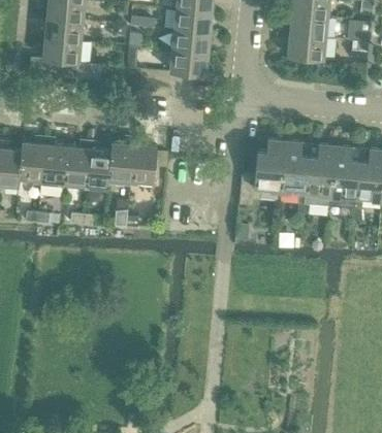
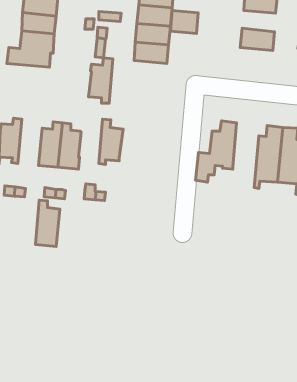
building: [289,15,326,39] -> none
building: none -> [171,11,198,33]
building: [107,135,134,186] -> [89,58,113,103]
building: [40,136,67,188] -> [36,200,60,246]
building: [279,140,308,212] -> none

